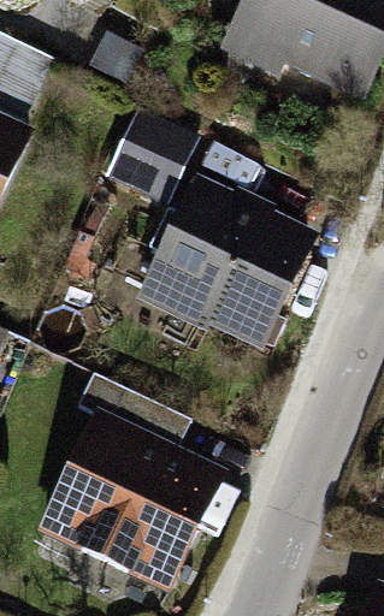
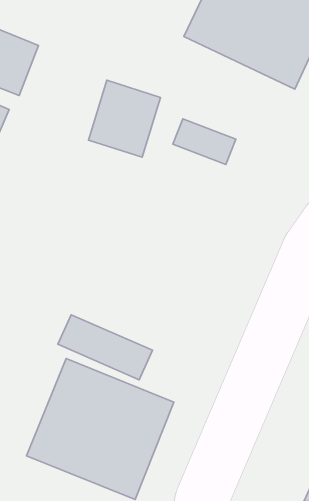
building: [146,182,317,348] -> none

